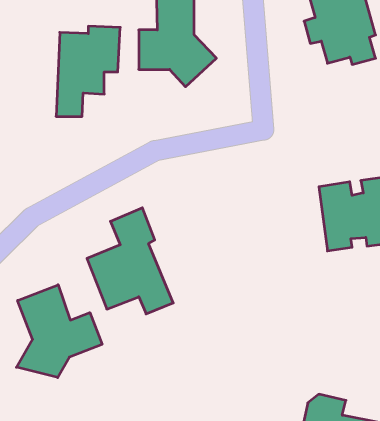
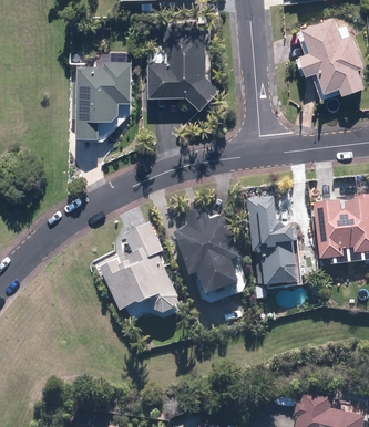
building: none -> [248,197,300,291]
building: none -> [175,208,239,295]
building: [16,285,102,378] -> none

